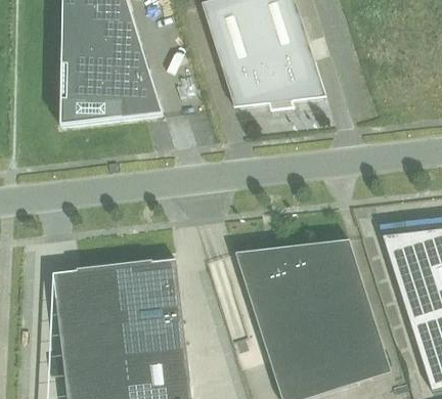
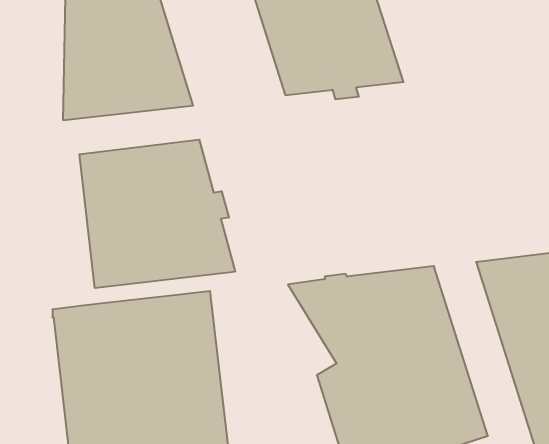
building: none -> [79,140,235,288]

